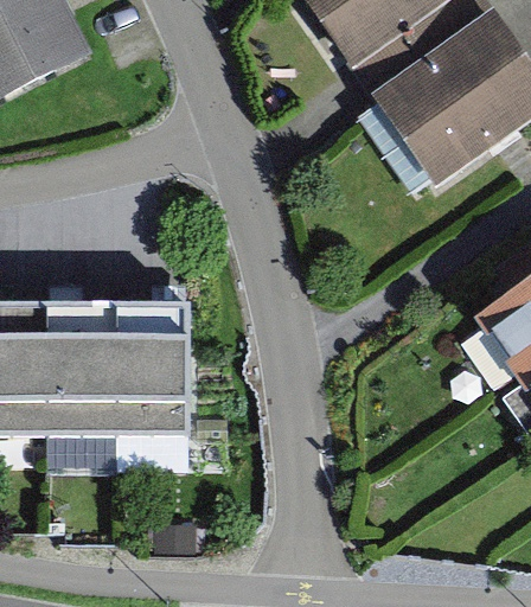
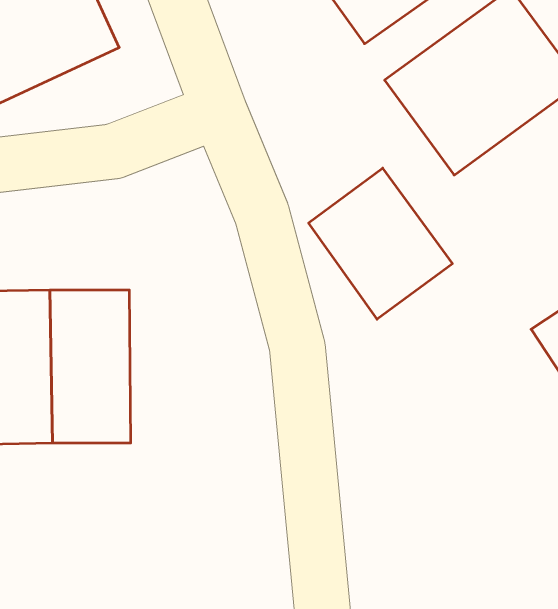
building: none -> [309,168,452,319]
building: [123,295,203,440] -> none

